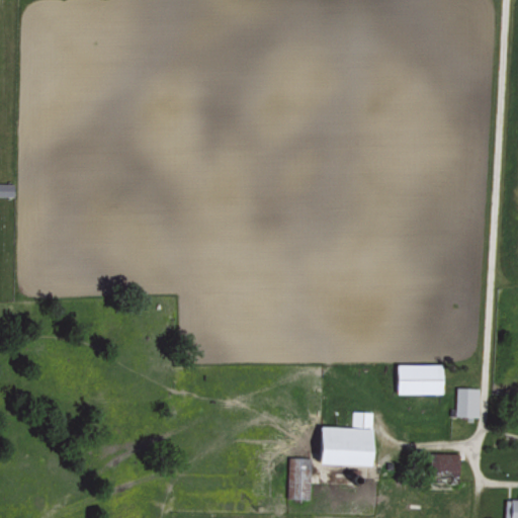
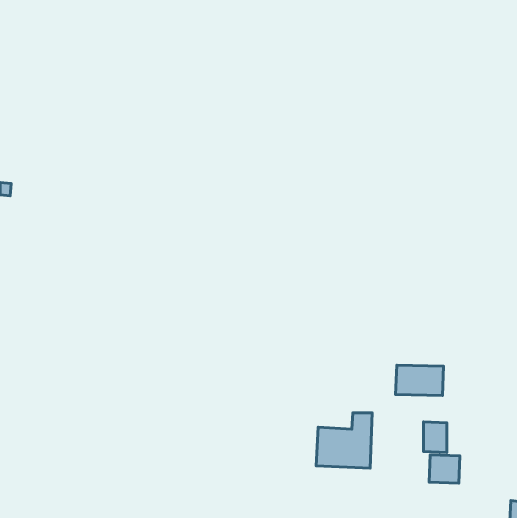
building: [457,388,481,419] -> [423,422,447,452]
building: [288,458,313,501] -> none

